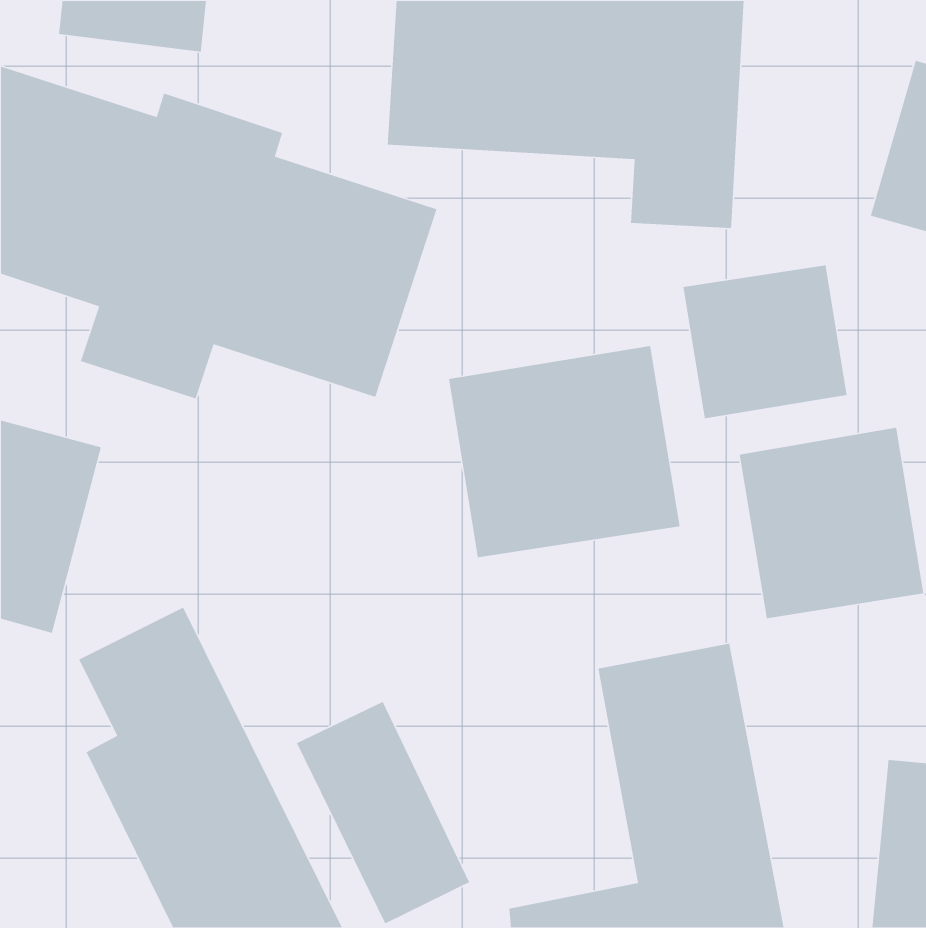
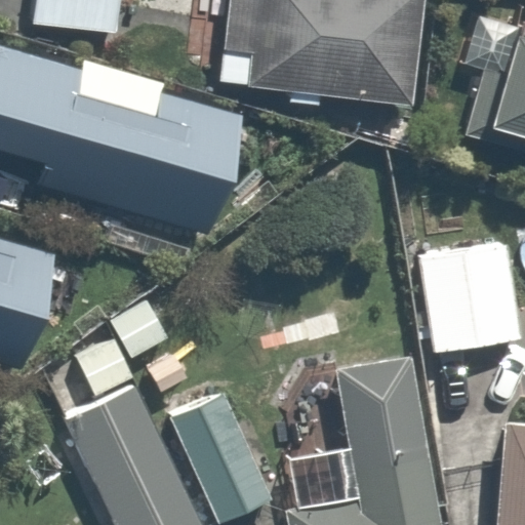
building: [683,264,847,419] -> none
building: [448,345,681,558] -> none

